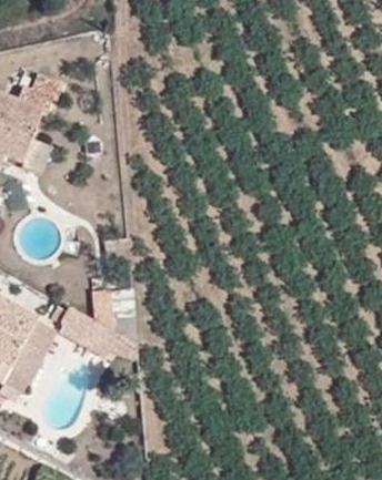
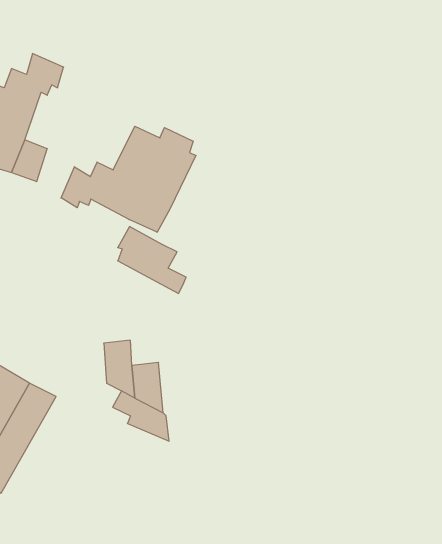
building: none -> [61,126,196,232]
building: [60,305,111,355] -> [118,227,186,293]

